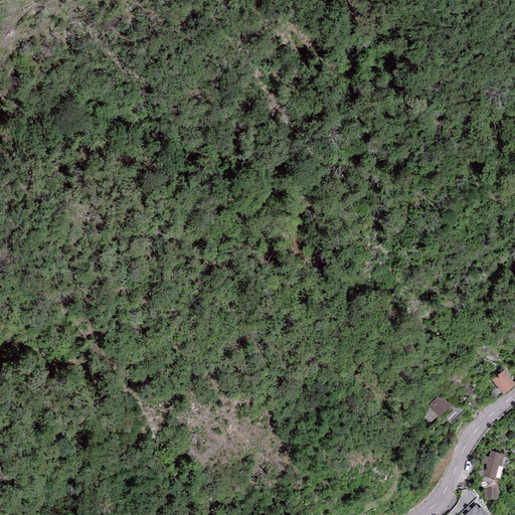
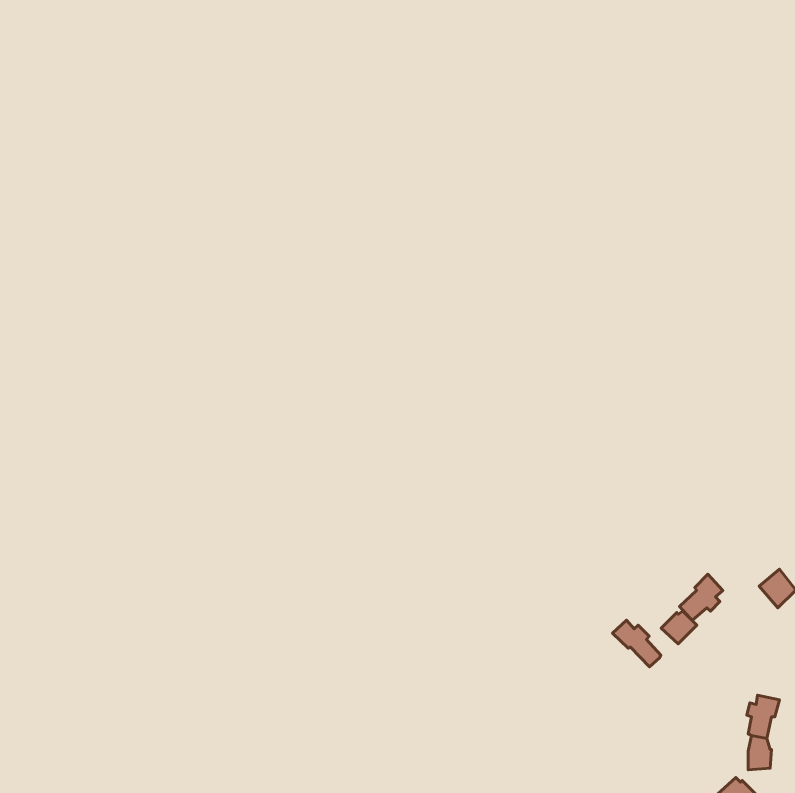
building: none -> [679,574,723,620]
building: none -> [612,620,661,667]

